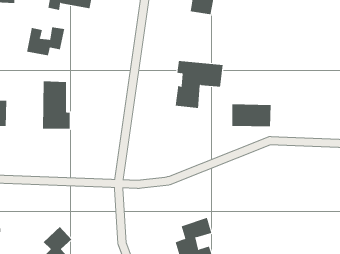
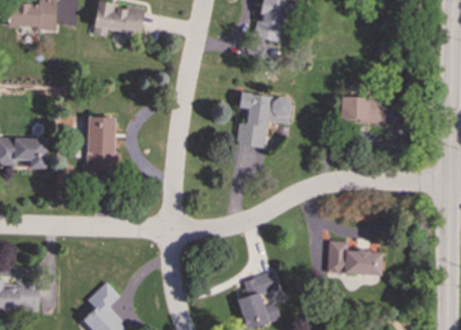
building: [26,26,65,56] -> none
building: [232,104,272,127] -> [341,97,386,123]
building: none -> [328,241,382,276]

